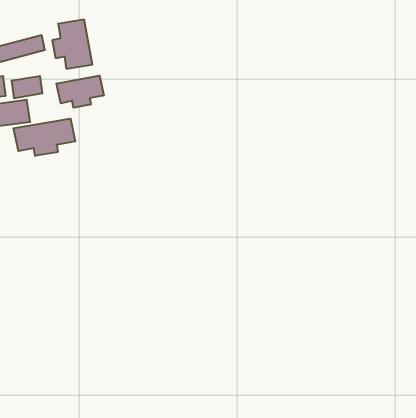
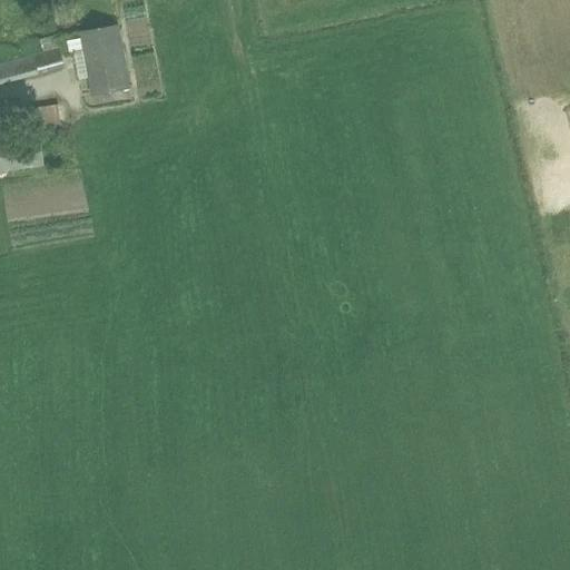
building: [56,76,104,108] -> none
building: [14,119,75,156] -> none

